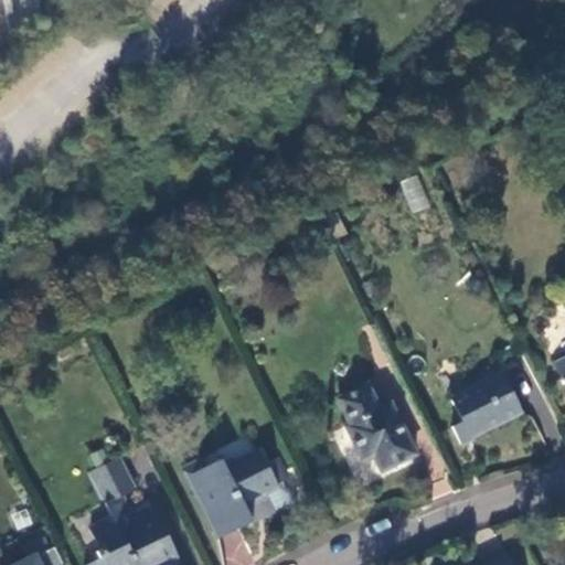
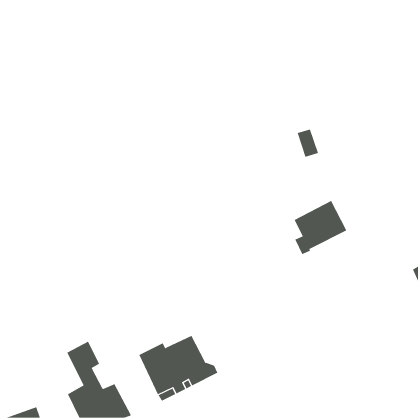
building: [451,373,523,447] -> [294,200,347,255]
building: [338,386,416,471] -> none

